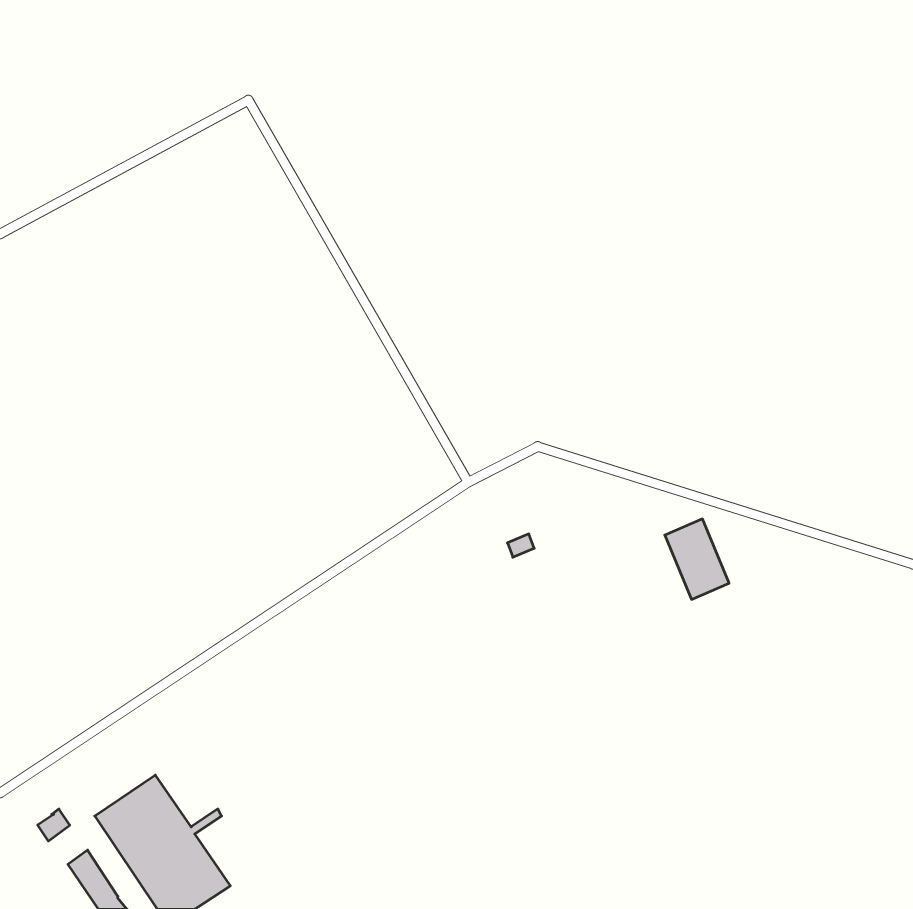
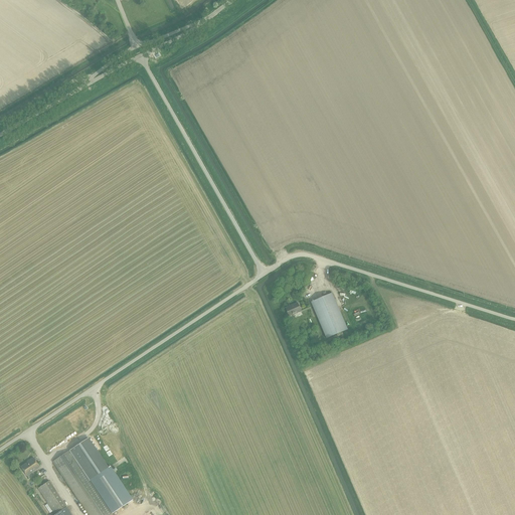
building: [665,519,729,599] -> [311,291,347,336]

